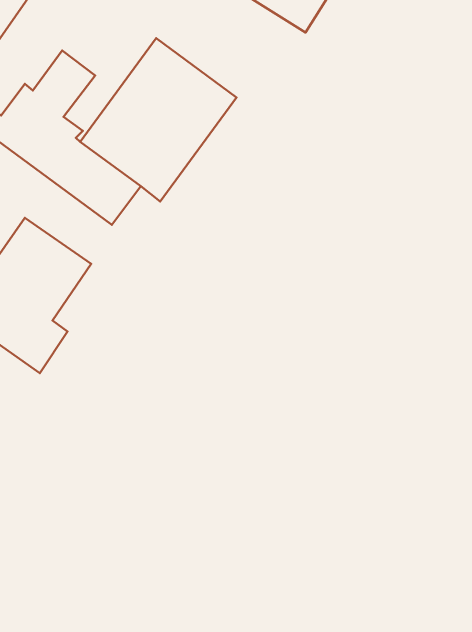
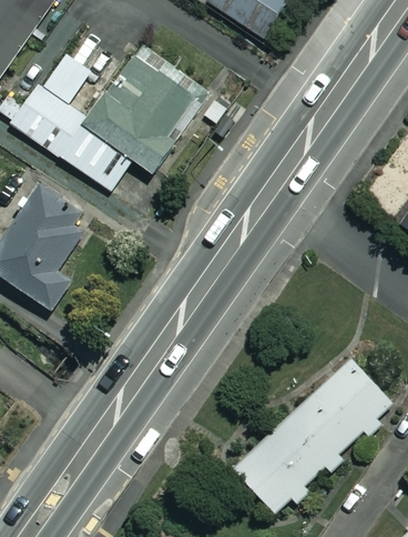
building: none -> [236,357,390,514]

